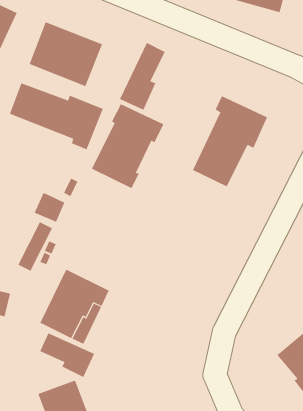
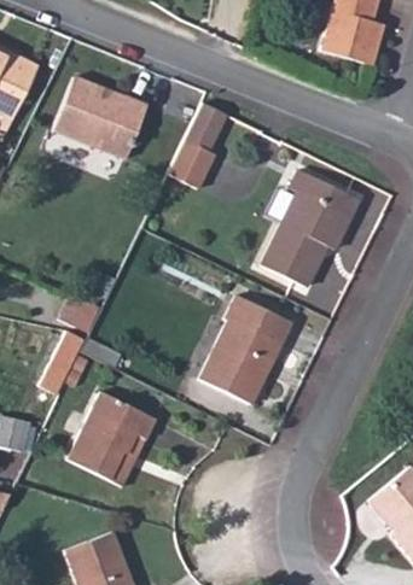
building: [9,82,104,150] -> none
building: [91,103,164,189] -> [200,296,293,404]
building: [40,333,95,378] -> none

